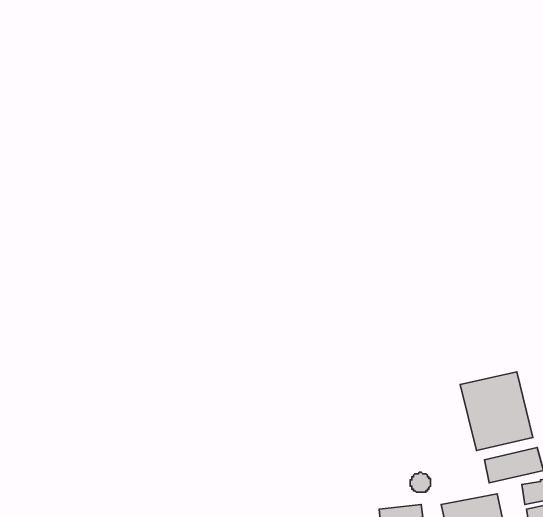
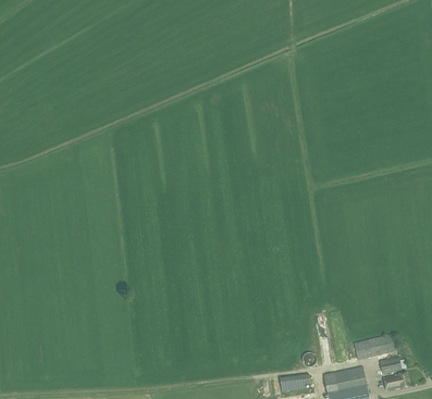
building: [460,372,533,450] -> none

